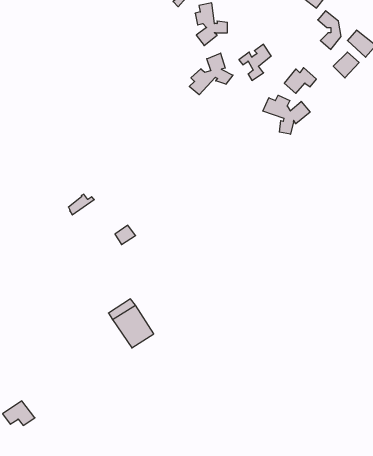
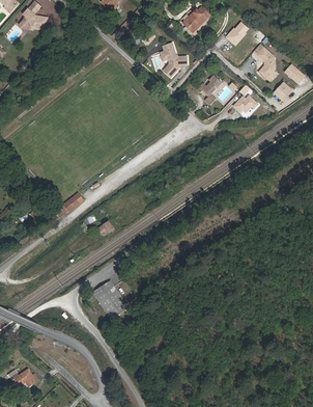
building: [189,53,233,95] -> none
building: [263,95,310,134] -> none

